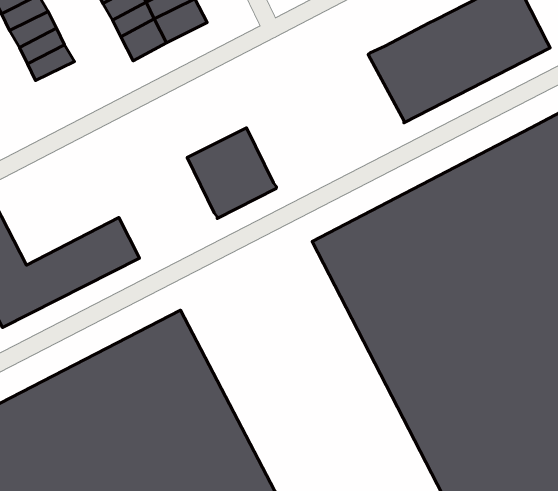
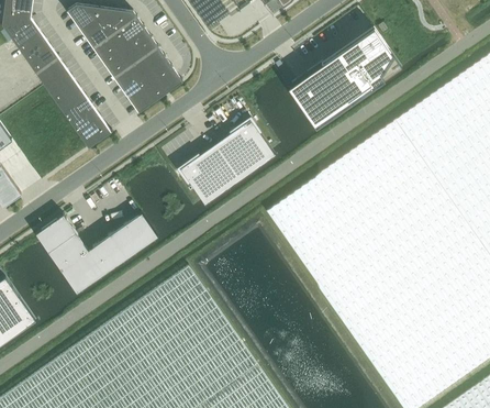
building: none -> [77,117,110,147]
building: none -> [215,119,276,180]

